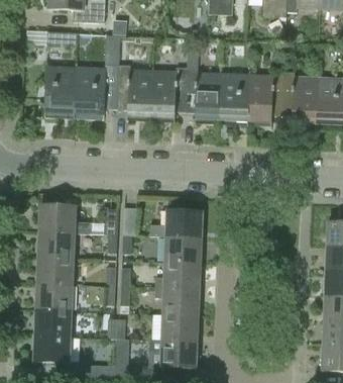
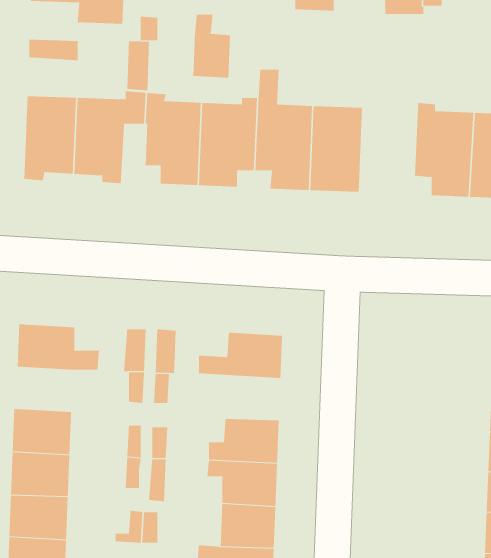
building: none -> [193,14,230,79]
building: [247,70,282,125] -> none
building: [37,230,74,258] -> none
building: [165,235,200,263] -> none

